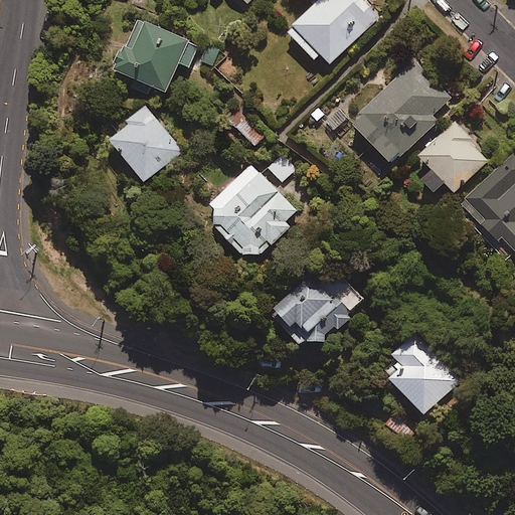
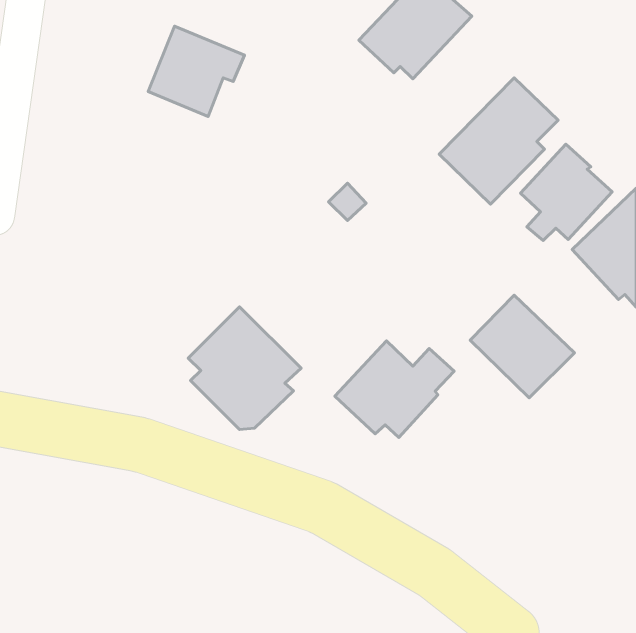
building: [109,107,180,179] -> none
building: [207,161,298,260] -> [188,307,301,430]
building: [378,332,462,414] -> [470,295,574,398]

